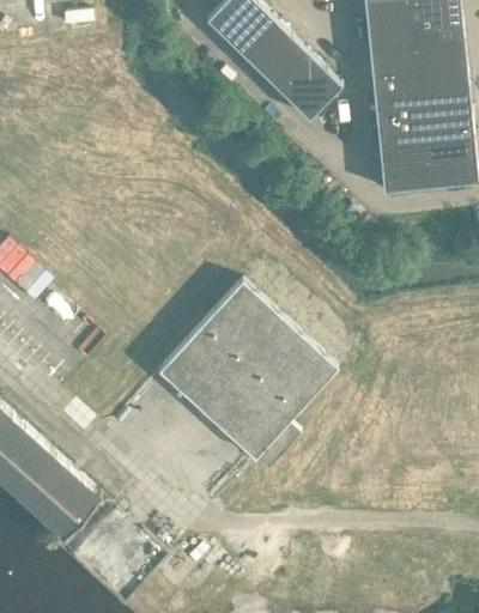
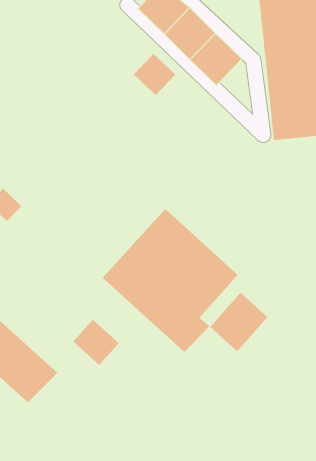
building: none -> [133,53,176,96]
building: none -> [210,292,268,352]
building: none -> [72,319,120,366]

